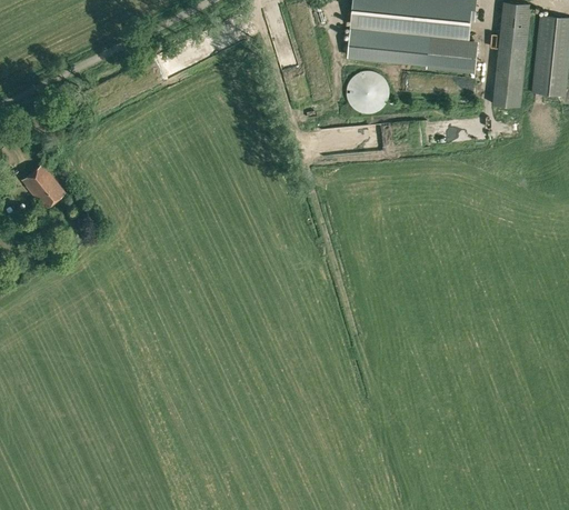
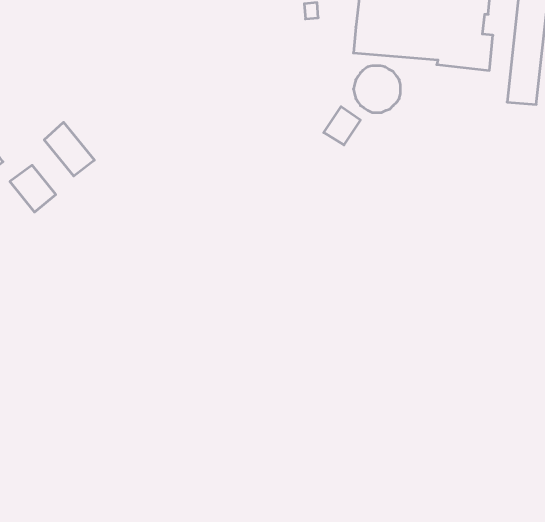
building: none -> [324,107,360,145]
building: none -> [44,122,94,176]

